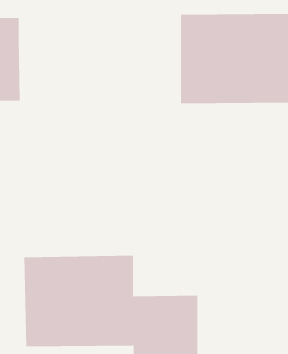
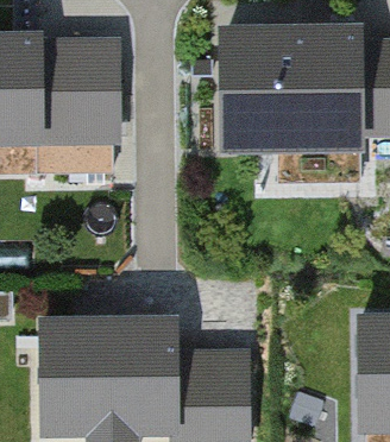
building: none -> [36,62,115,172]

